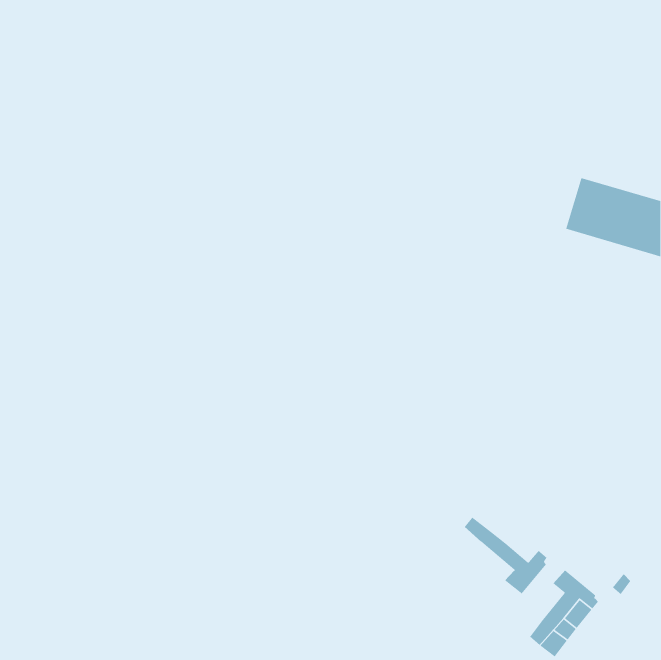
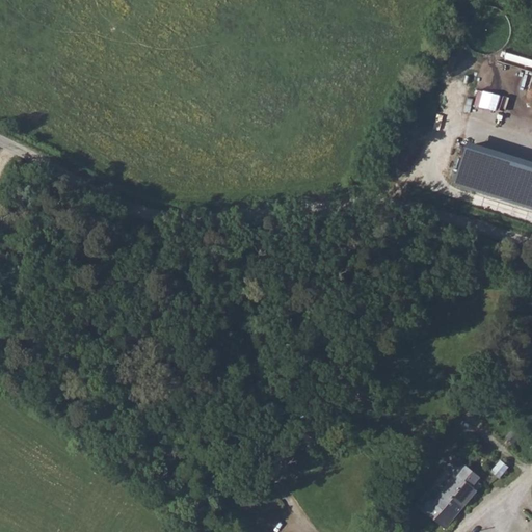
building: [464,517,548,594] -> none

